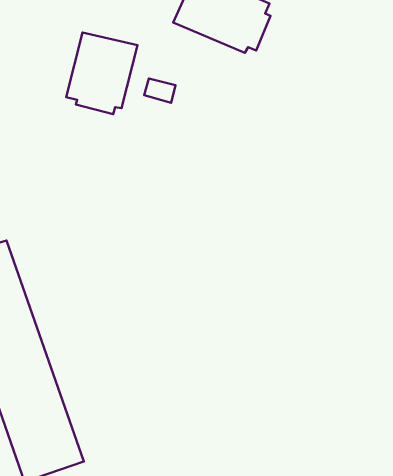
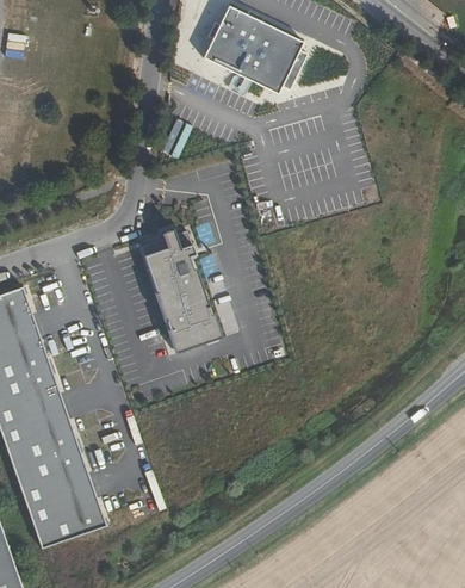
building: [66,32,137,114] -> none
building: none -> [140,228,222,352]

